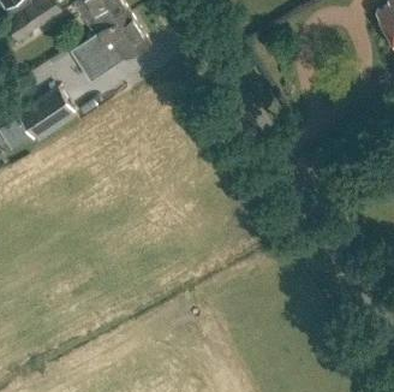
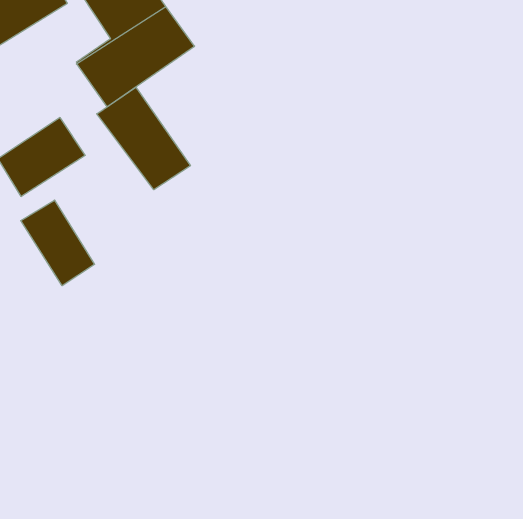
building: none -> [97,87,190,190]
building: none -> [21,200,95,286]

